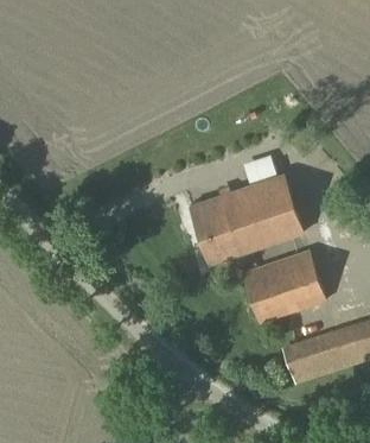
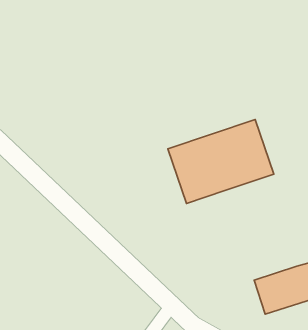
building: [242,249,326,323] -> none

